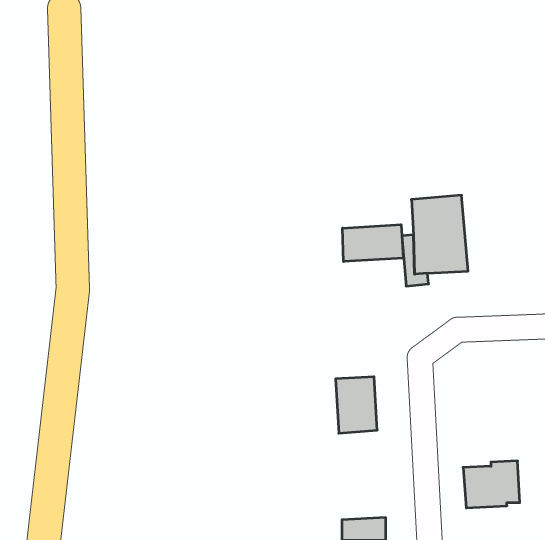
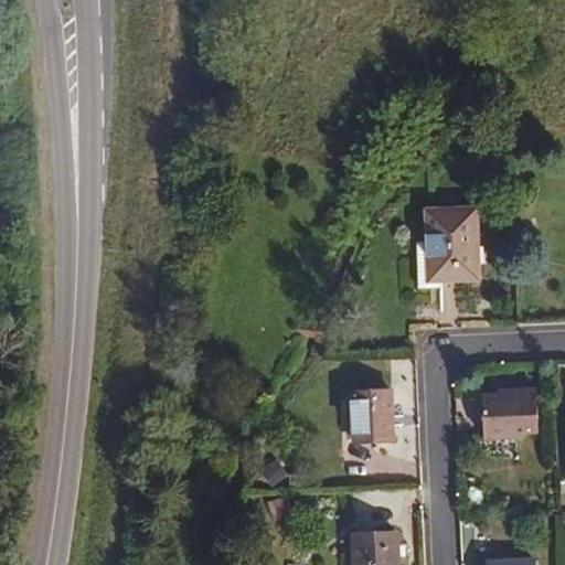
building: [343,225,403,262] -> none
building: [463,461,520,508] -> [482,388,541,437]

